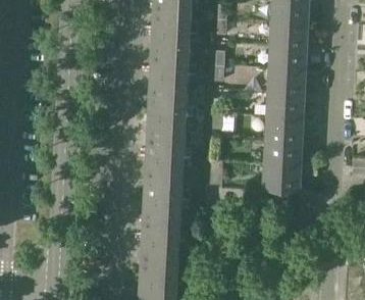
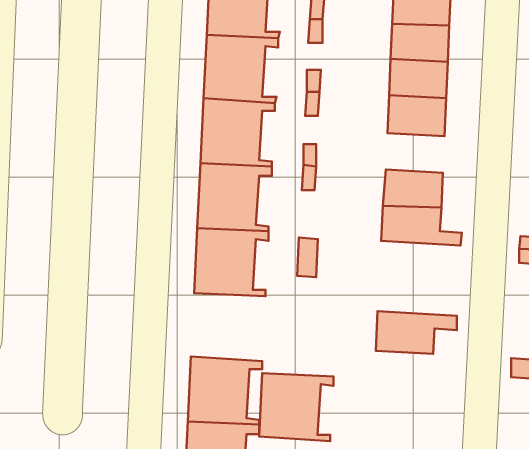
building: [267,93,305,118] -> none
building: [263,162,315,190] -> [376,311,457,354]
building: [142,196,190,240] -> [259,373,333,441]

